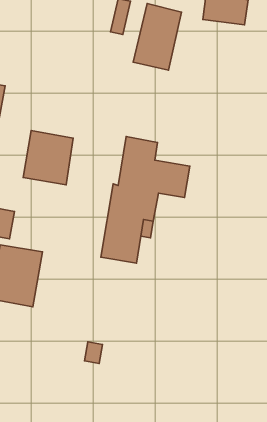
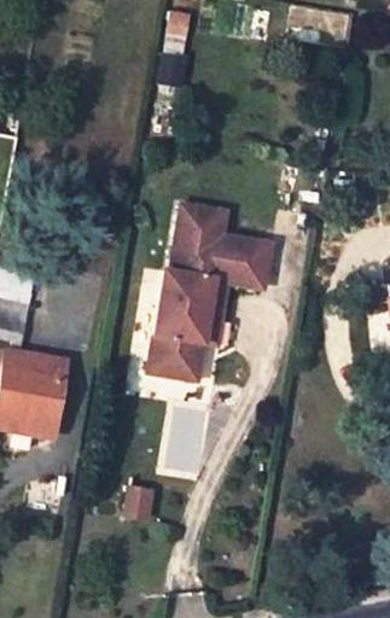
building: [133,4,181,70] -> none
building: [23,130,73,185] -> none

